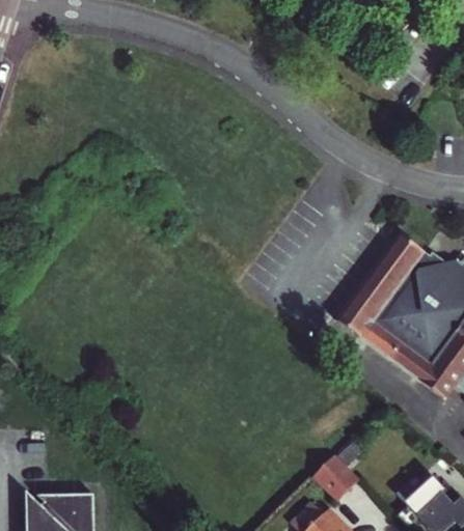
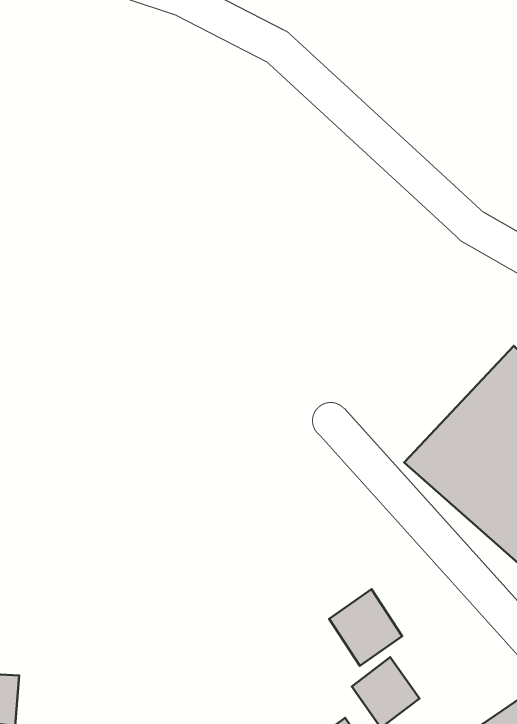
building: none -> [329,589,402,666]

